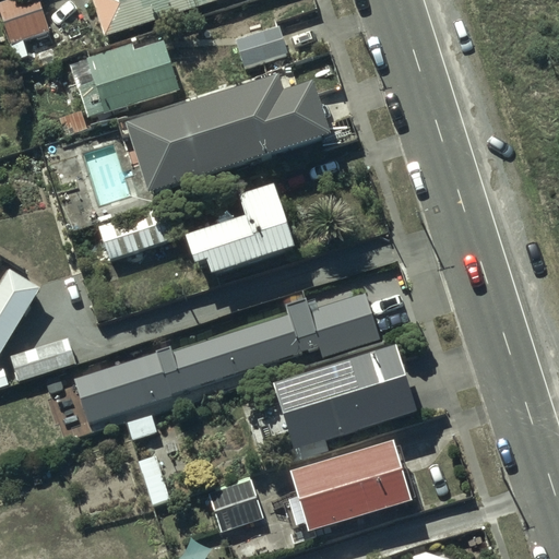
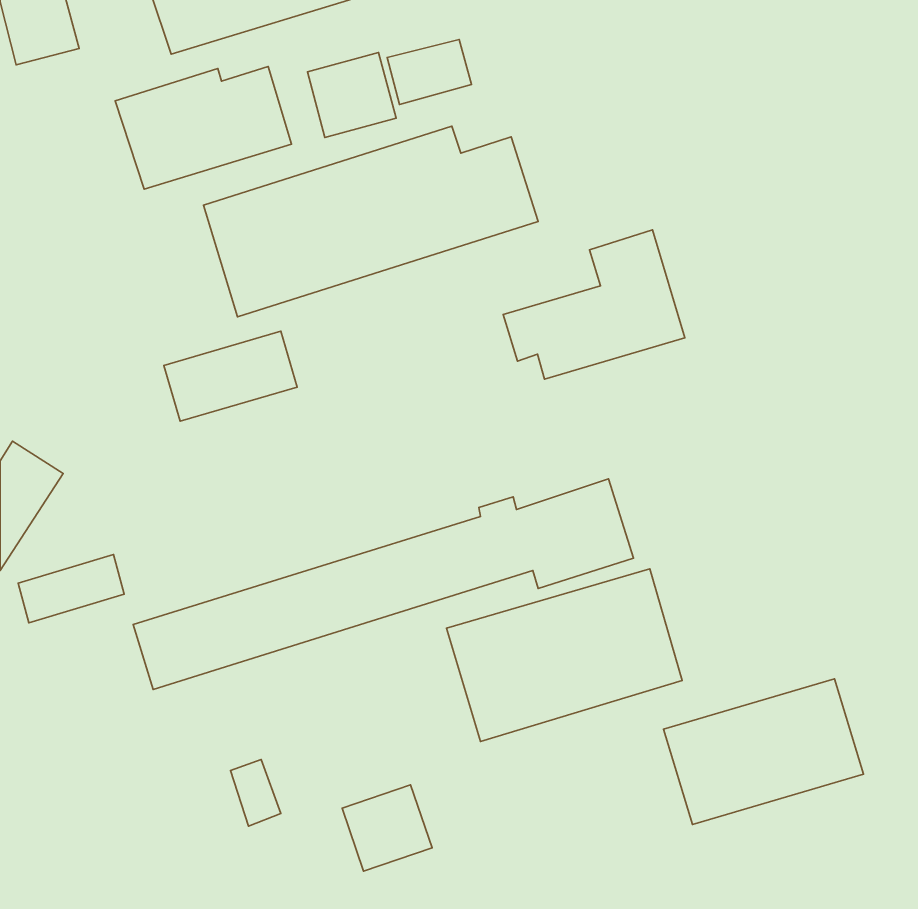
building: none -> [307,53,396,137]
building: [185,183,295,274] -> [503,230,685,379]
building: [288,442,409,531] -> [664,679,863,824]

